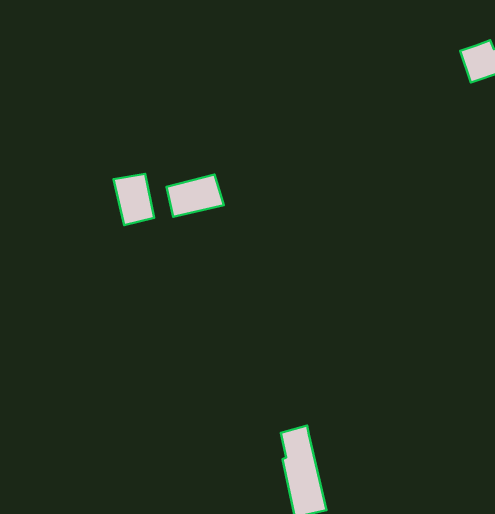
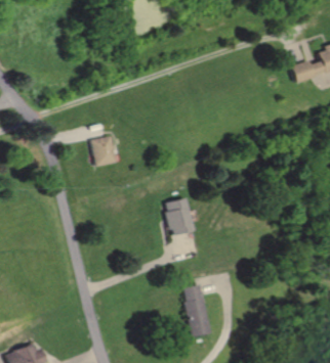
building: [166,174,224,217] -> none
building: none -> [163,198,194,236]

